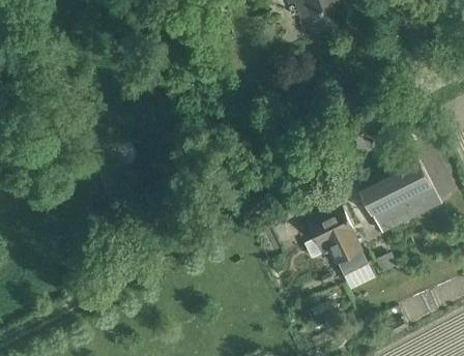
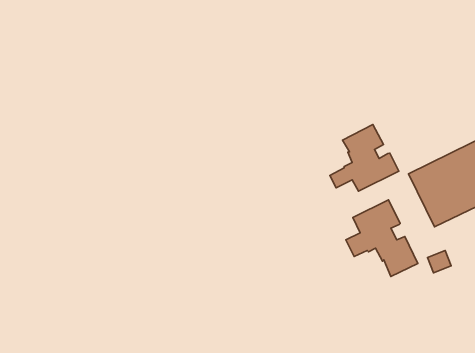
building: none -> [330,124,399,191]

